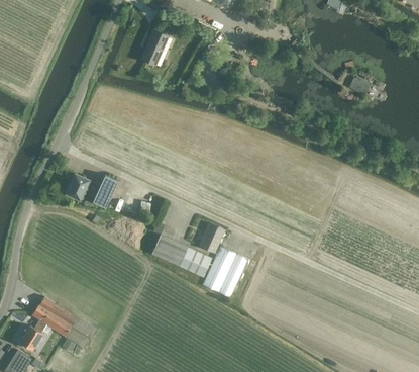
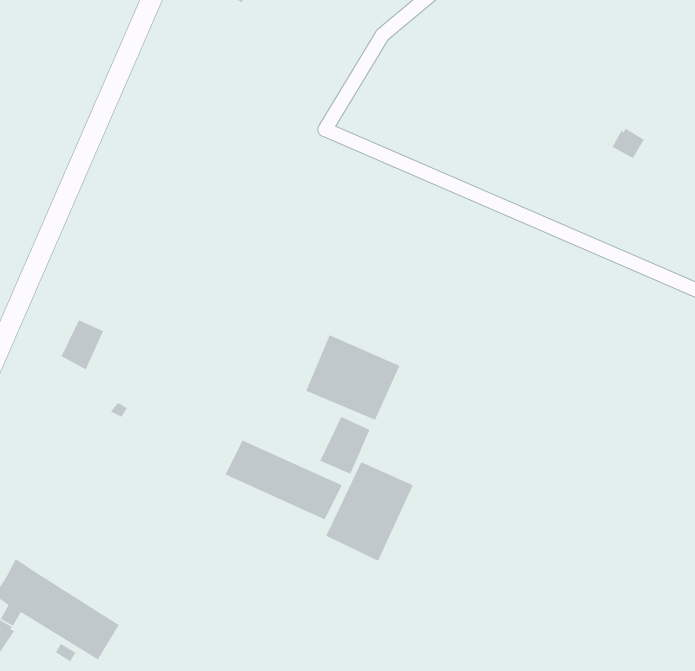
building: [141,29,170,66] -> none
building: [93,175,118,207] -> none
building: none -> [305,334,401,421]

